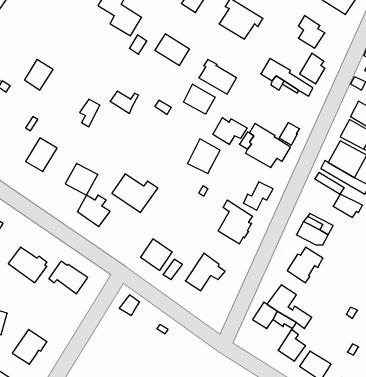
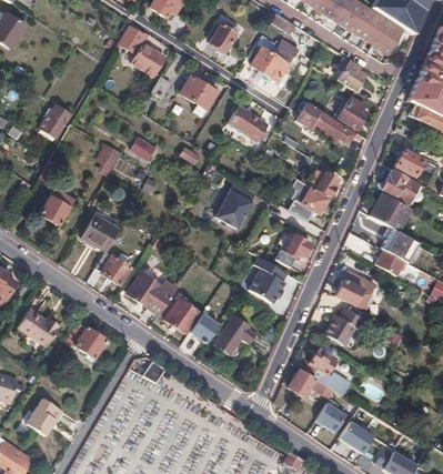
building: [183,84,215,114] -> none
building: [213,118,247,144] -> none
building: [112,174,158,213] -> [128,273,178,315]

